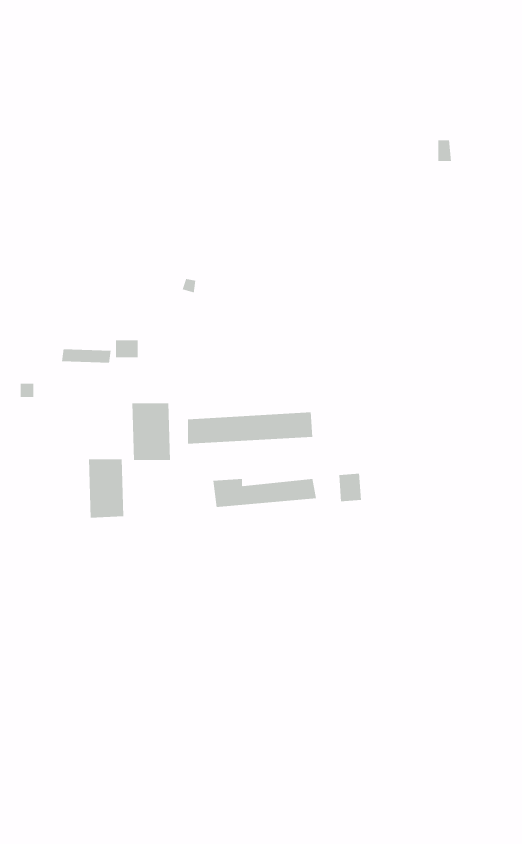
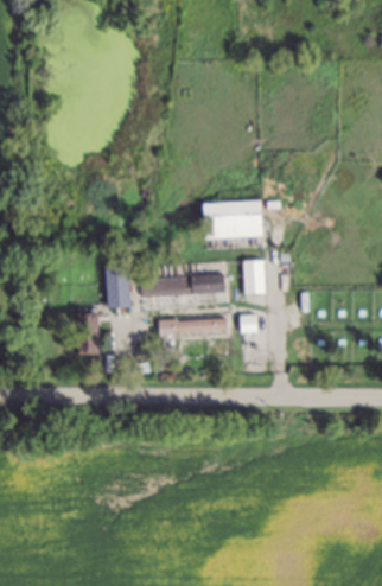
building: none -> [204,200,263,238]
building: none -> [243,260,265,293]

